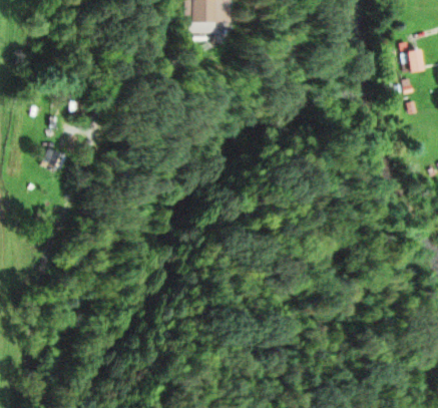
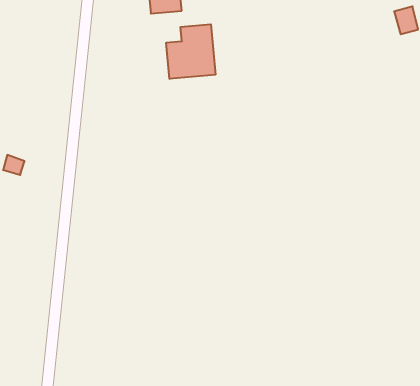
building: none -> [166,24,215,79]

